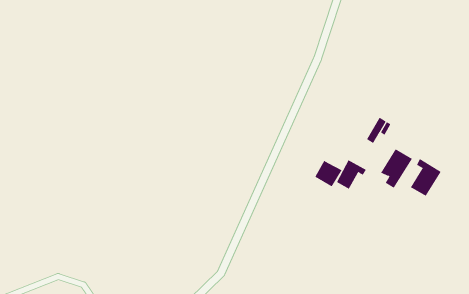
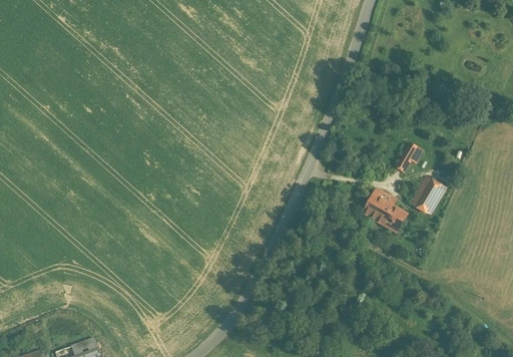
building: [410,158,441,196] -> none
building: [314,160,342,187] -> [377,202,407,231]

